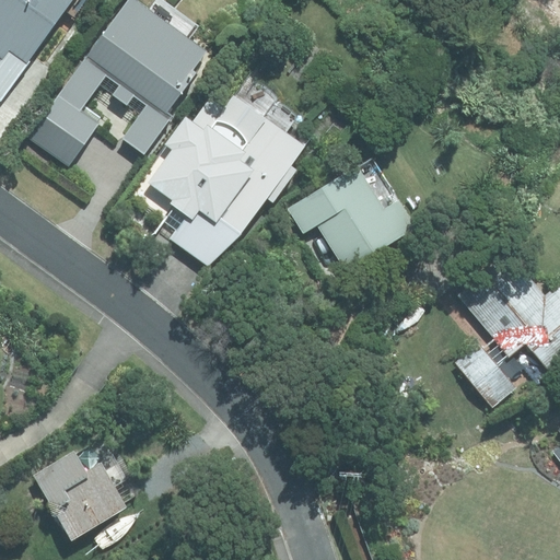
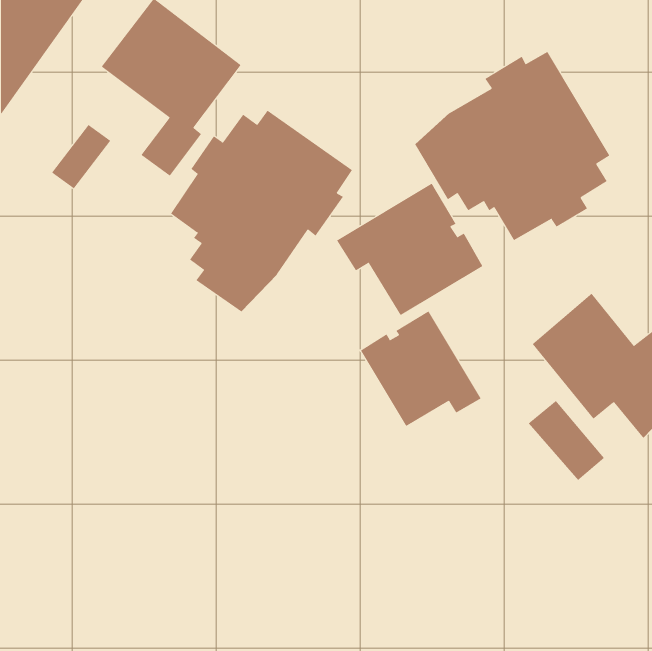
building: none -> [415,51,610,241]
building: none -> [360,310,481,427]
building: [30,451,124,541] -> none

